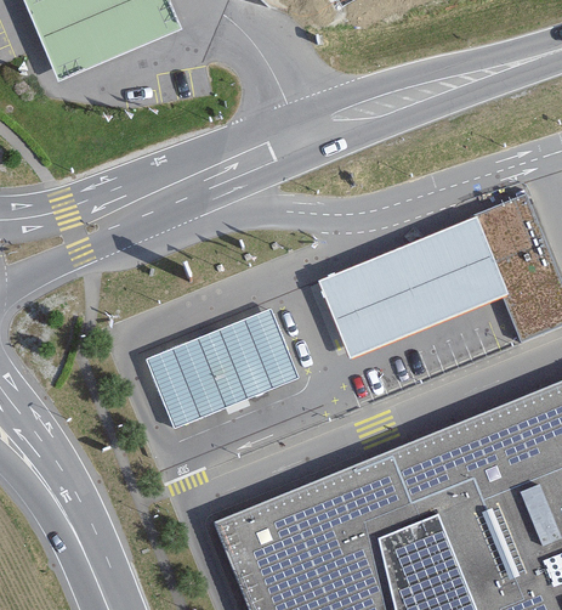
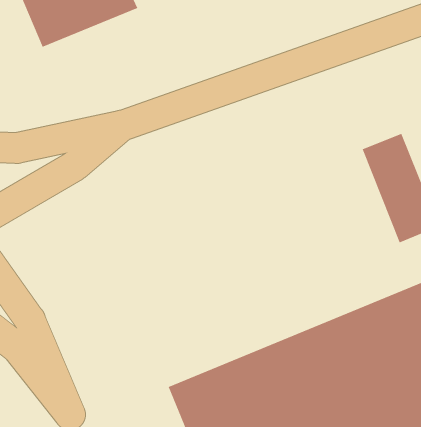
building: [317,215,507,358] -> none
building: [147,310,296,427] -> none

